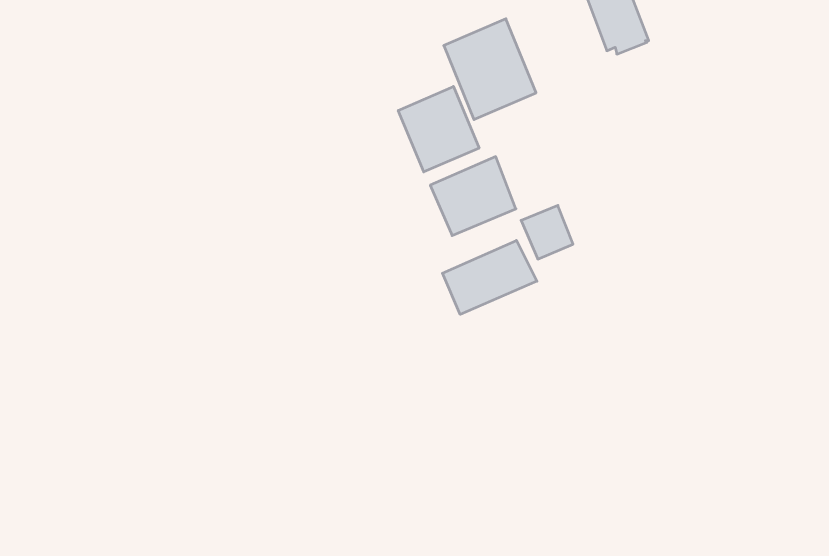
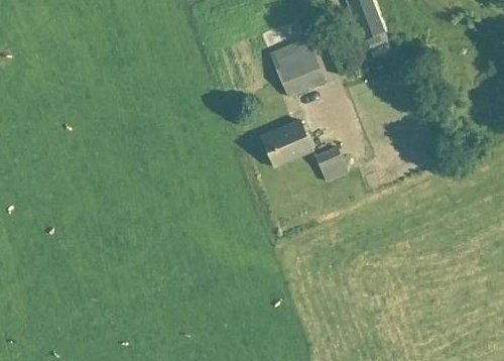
building: [398,86,479,172] -> none
building: [442,240,537,314] -> none

